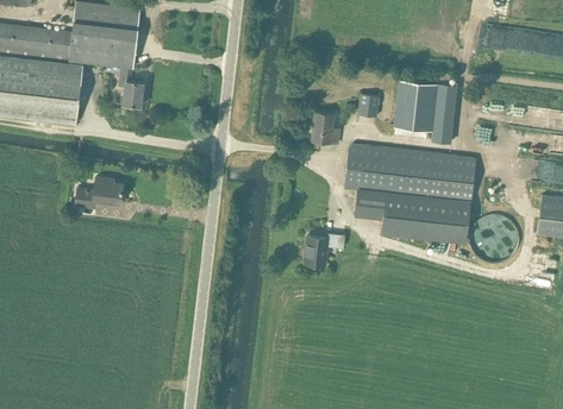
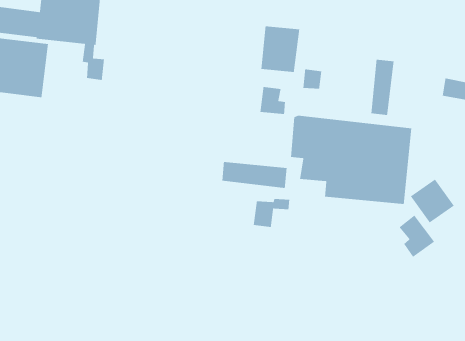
building: [394,80,437,131] -> [261,25,300,73]
building: [74,177,123,209] -> none
building: none -> [221,161,288,189]
building: none -> [398,215,435,258]

